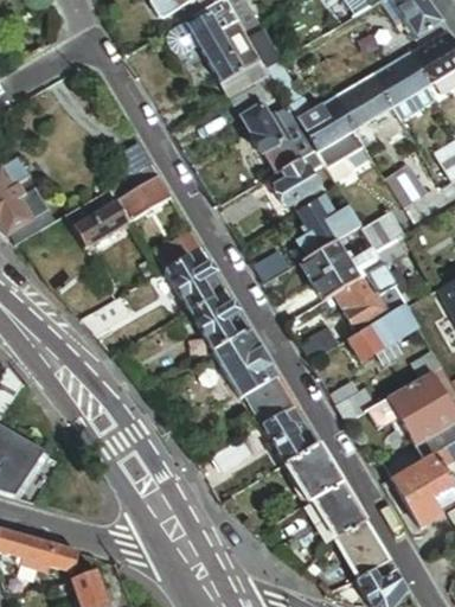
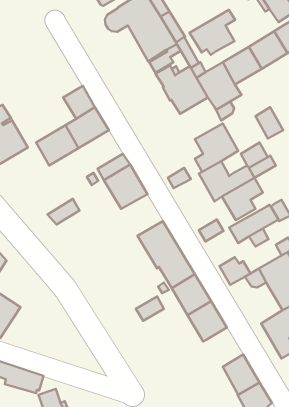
building: [258,149,325,215] -> [189,10,235,55]
building: [190,289,250,350] -> none
building: [313,483,366,539] -> none

